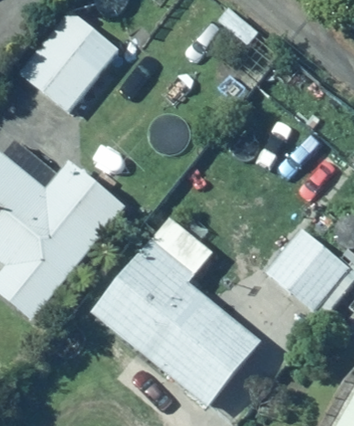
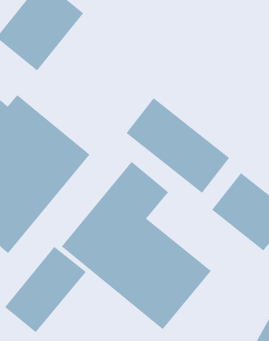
building: none -> [125,97,230,194]
building: none -> [4,246,87,333]

